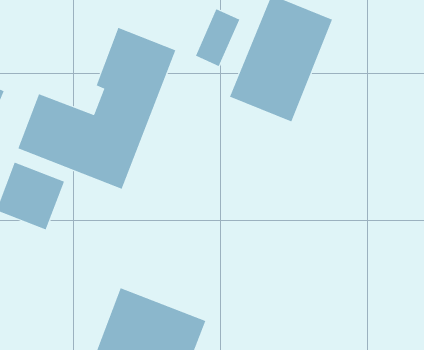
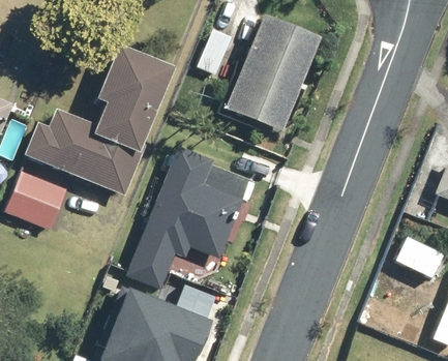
building: none -> [127,143,243,288]

